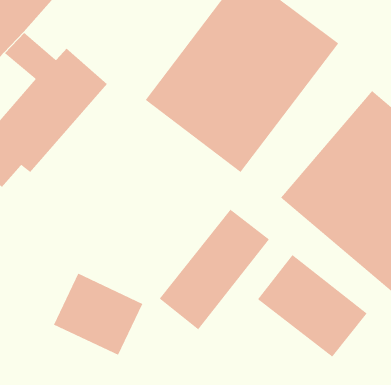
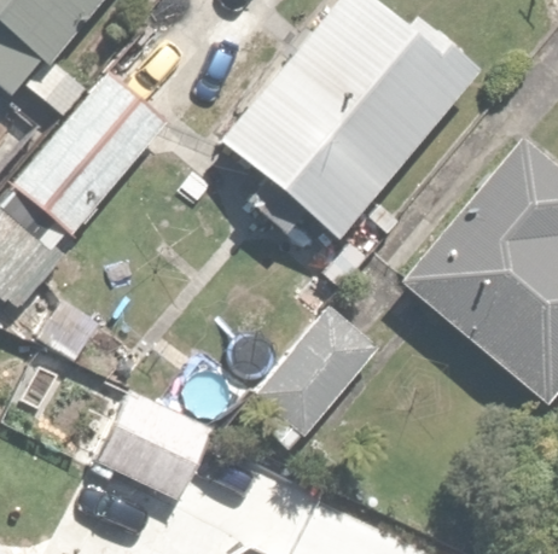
building: [257,254,367,357] -> none

